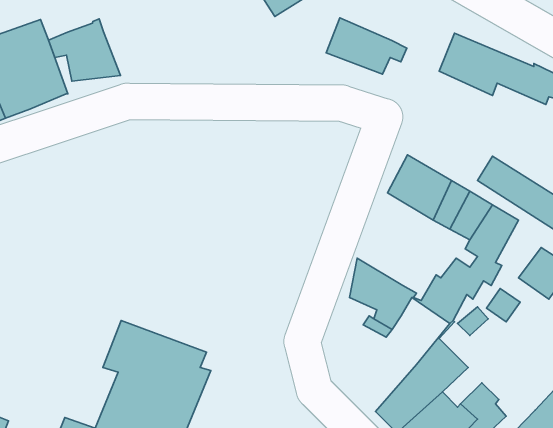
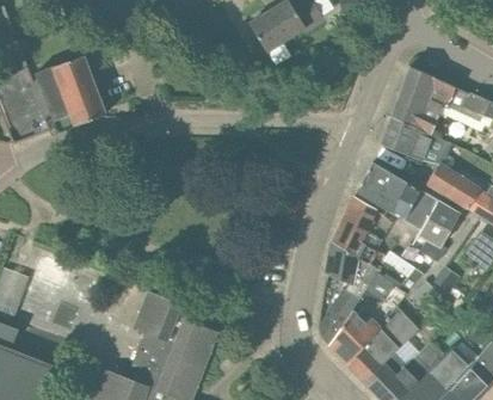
building: [326,18,407,74] -> [378,116,442,160]
building: [48,19,120,81] -> none
building: none -> [332,196,377,264]
building: none -> [327,273,405,363]

